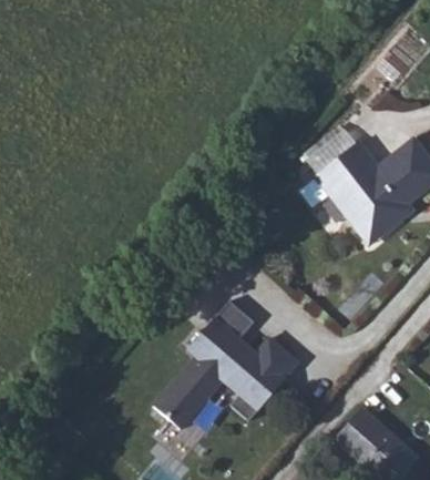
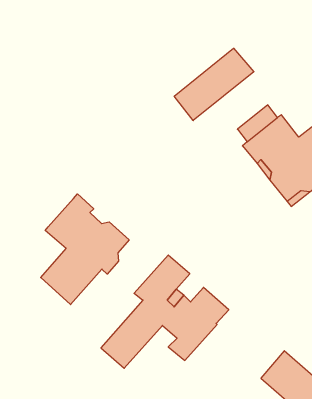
building: none -> [174,48,254,121]
building: none -> [41,194,129,305]

